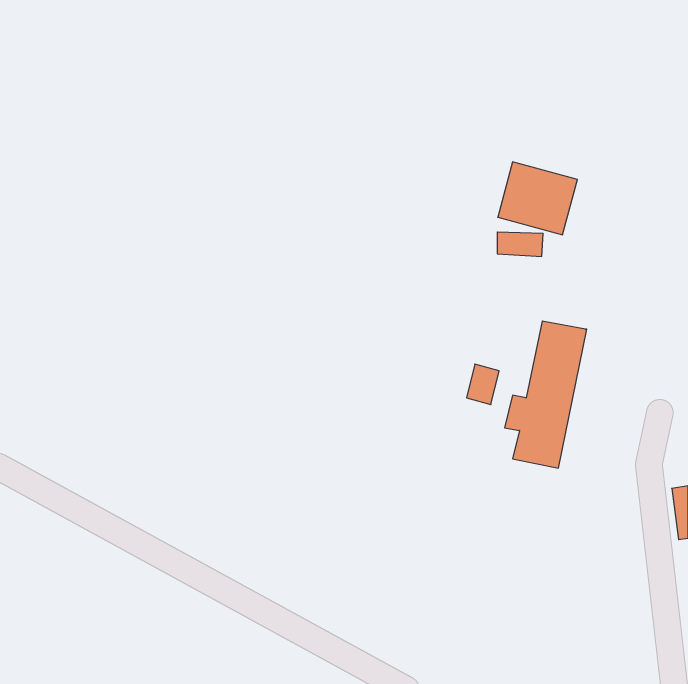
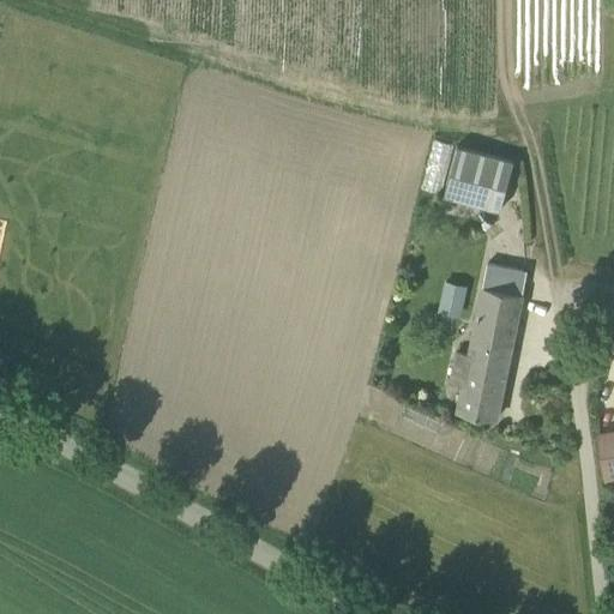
building: [497,232,543,256] -> [486,267,526,289]
building: [467,364,499,405] -> [439,283,468,319]

